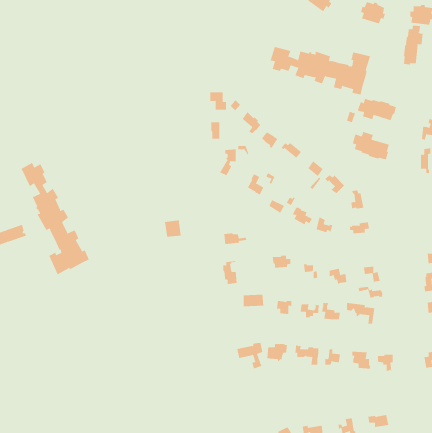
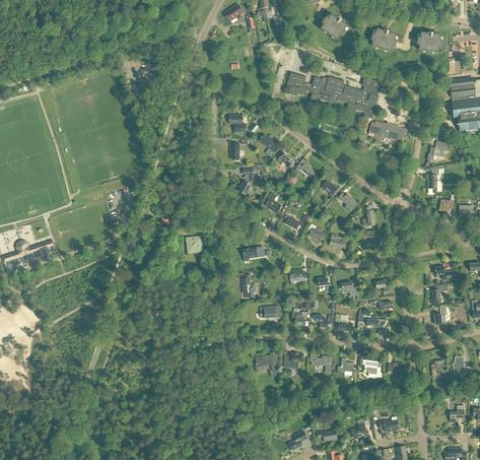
building: [403,25,423,65] -> none
building: [352,131,389,160] -> none
building: [21,162,90,275] -> none

